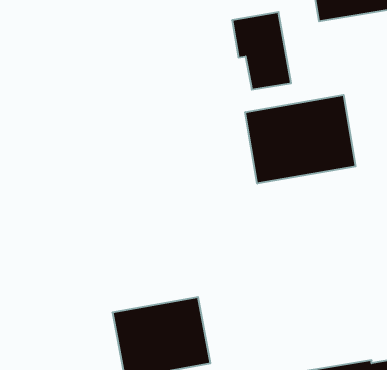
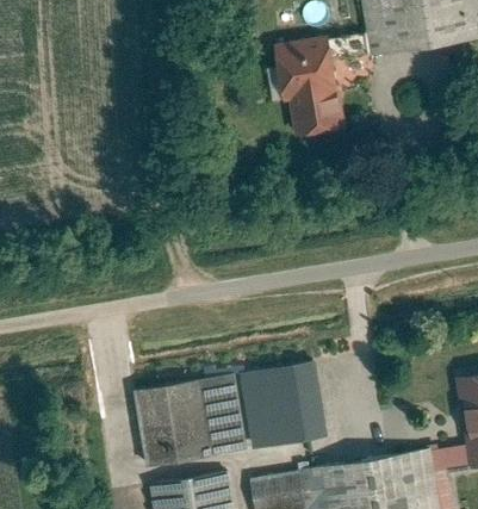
building: [245,95,356,184] -> none
building: none -> [241,361,328,448]

